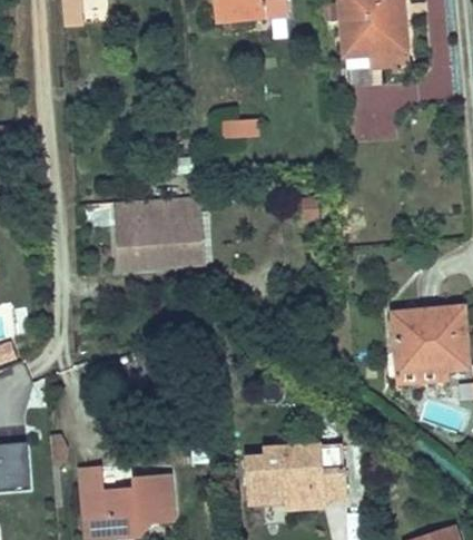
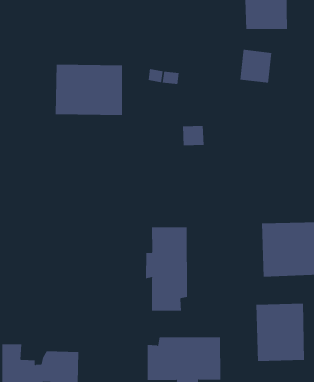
building: [124,200,210,266] -> [55,64,123,116]
building: none -> [146,226,188,312]
building: none -> [256,303,305,362]

